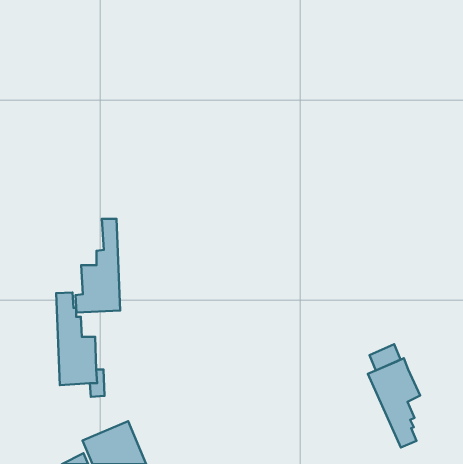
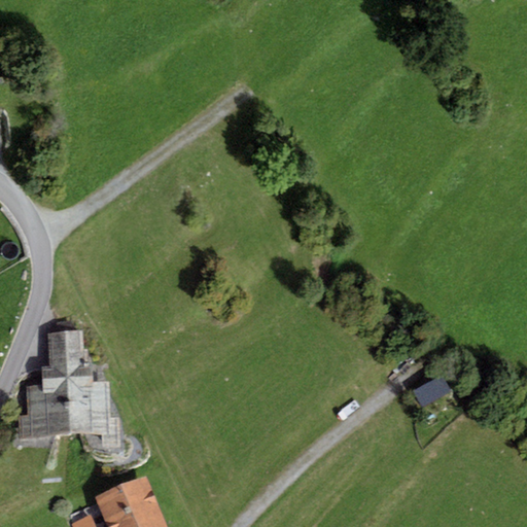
building: [76,219,120,312] -> [17,332,68,438]
building: [368,358,420,448] -> none

